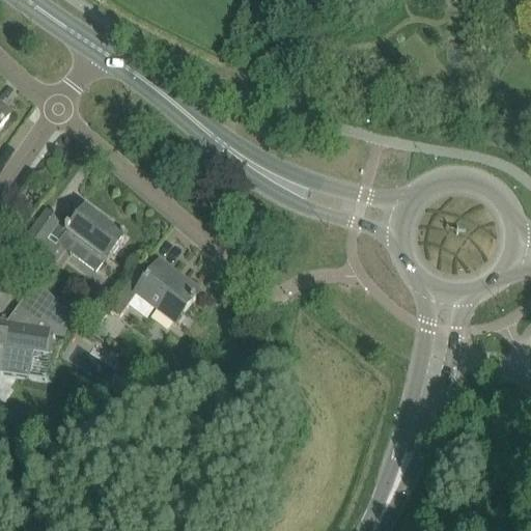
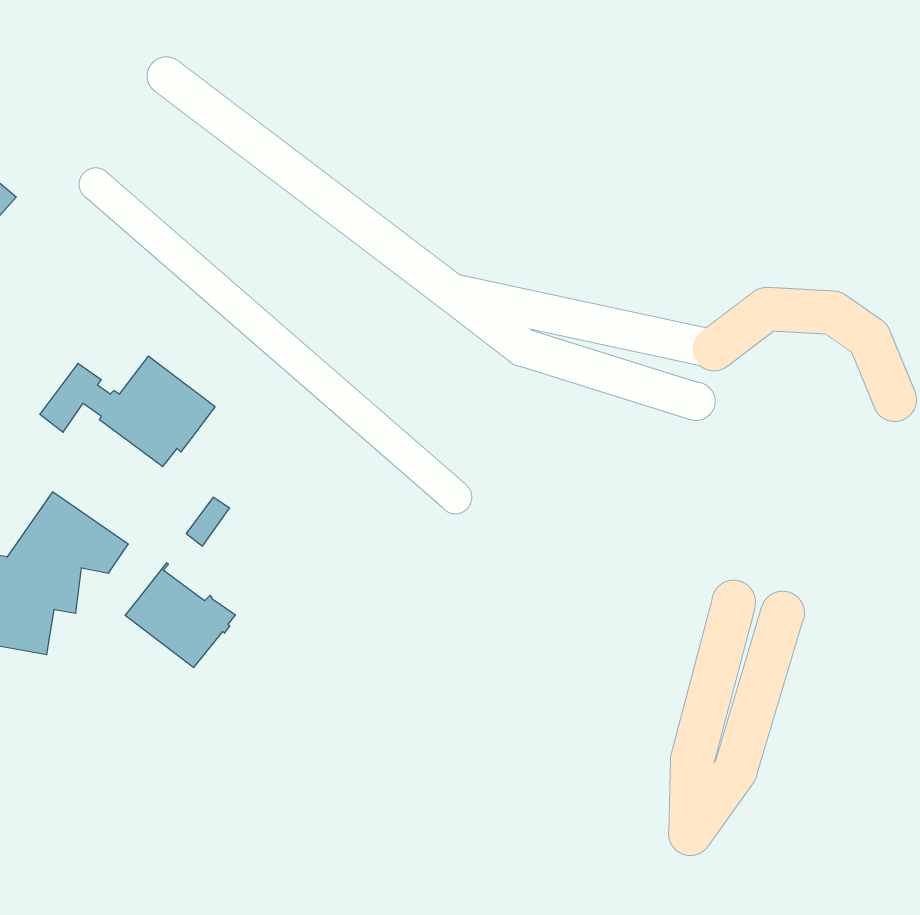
building: [134,259,197,319] -> [125,563,235,668]

